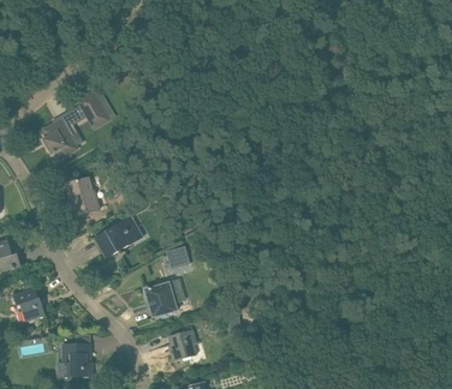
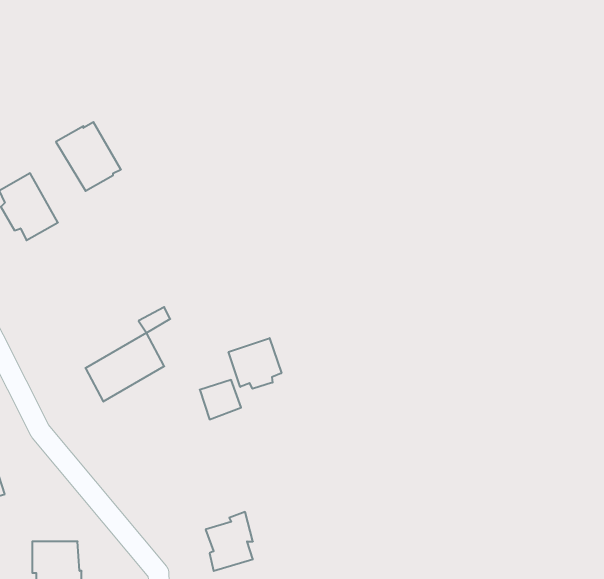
building: [65,178,99,216] -> none
building: none -> [229,338,281,389]
building: [144,282,177,317] -> none

